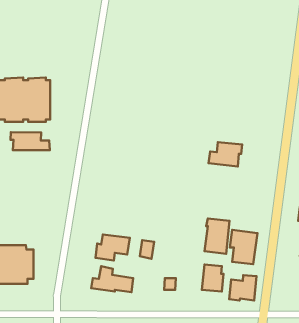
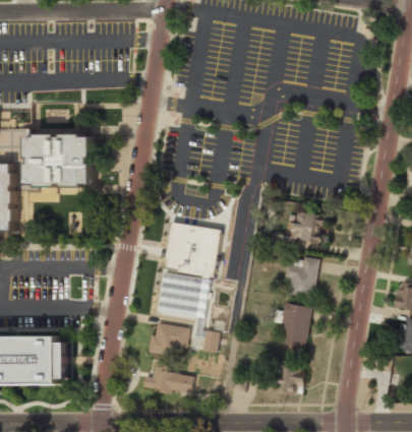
building: [11,132,50,150] -> none
building: none -> [157,223,218,335]
building: [230,230,257,264] -> [284,256,317,298]
building: [229,275,257,300] -> none

